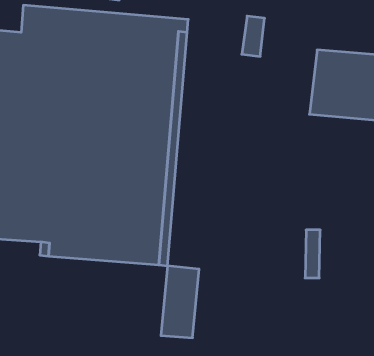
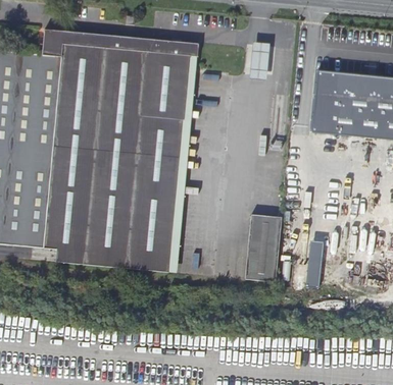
building: [161,266,199,338] -> [246,215,282,282]

